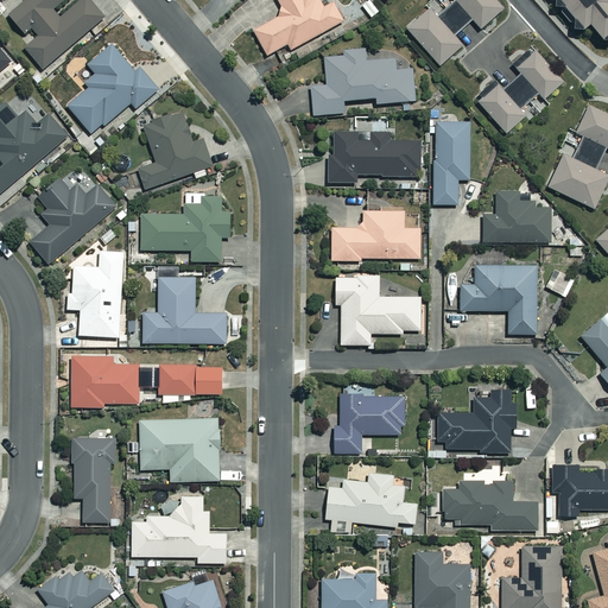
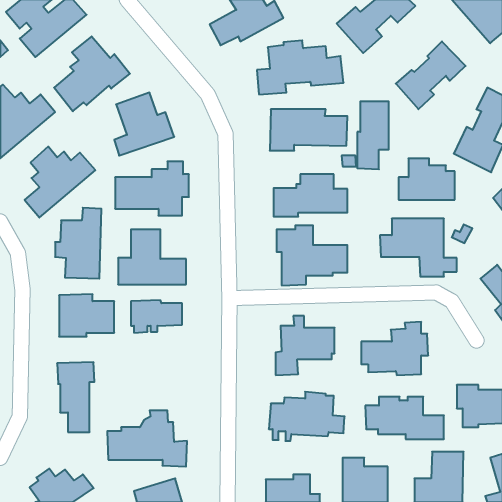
building: [140,418,222,481] -> none

